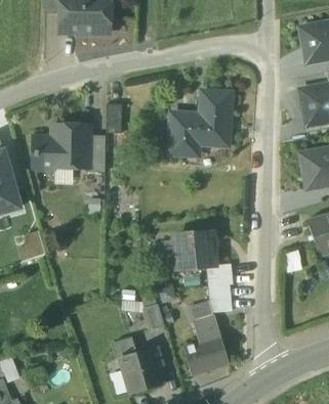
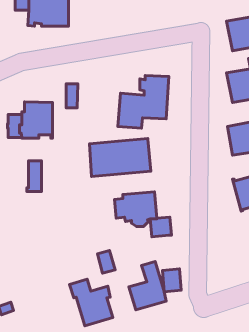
building: [87,134,105,171] -> [27,161,41,191]
building: none -> [90,138,151,177]
building: [209,283,232,311] -> [162,269,181,292]

